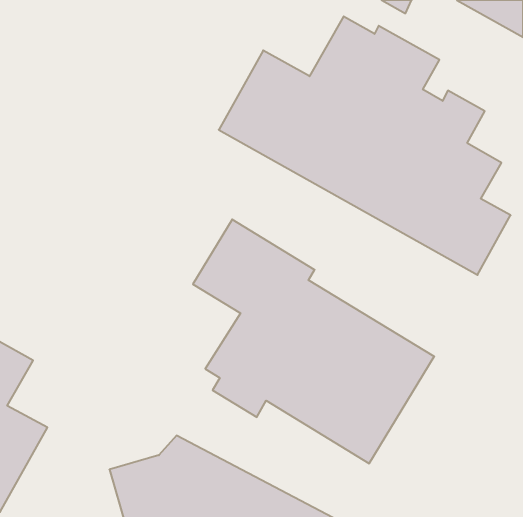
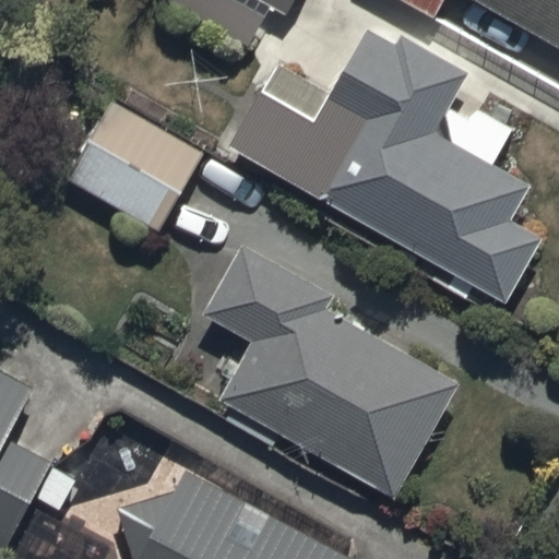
building: none -> [45,90,200,231]

